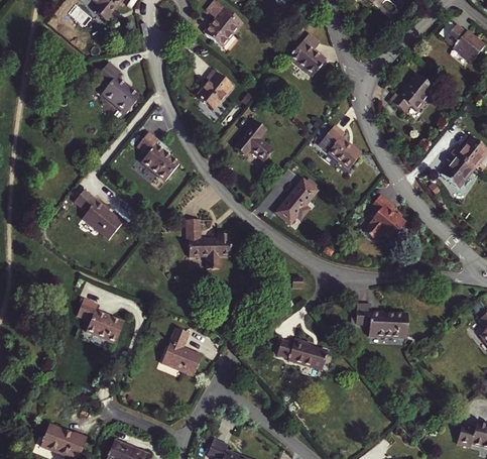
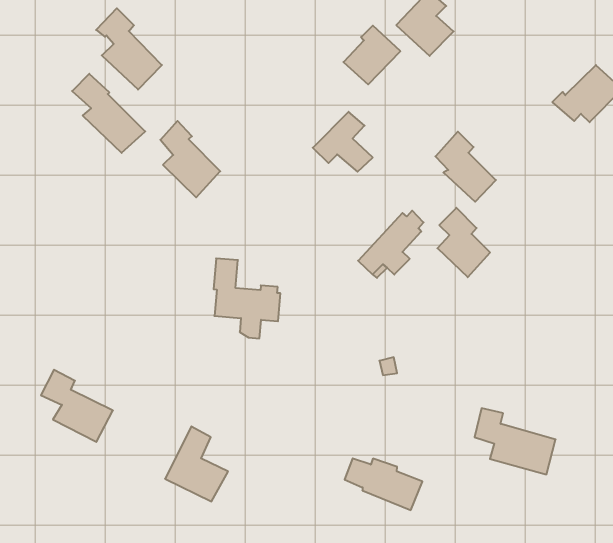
building: [195,70,231,108] -> [343,26,400,84]
building: [72,190,121,239] -> [72,74,145,153]
building: [368,194,402,238] -> [437,208,490,277]

